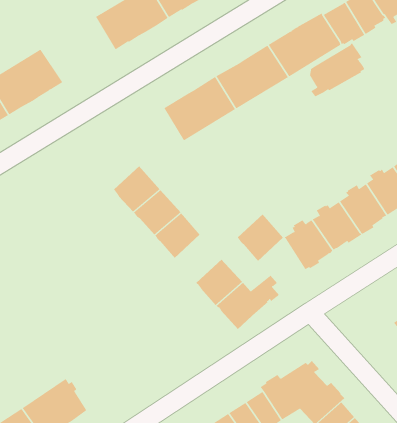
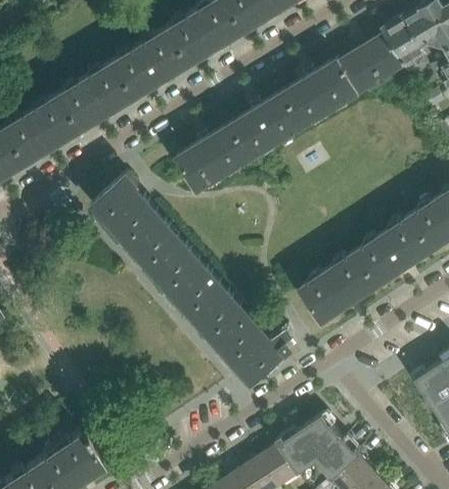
building: none -> [53,65,129,132]
building: [309,42,365,97] -> none
building: none -> [92,175,153,241]
building: [237,214,284,262] -> [189,287,237,337]

